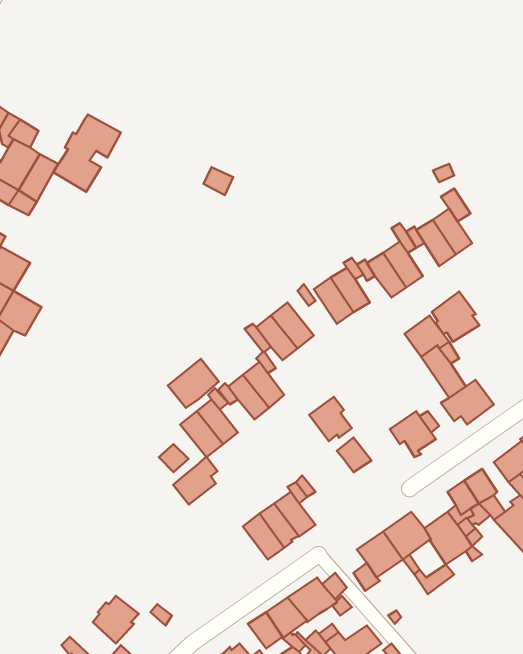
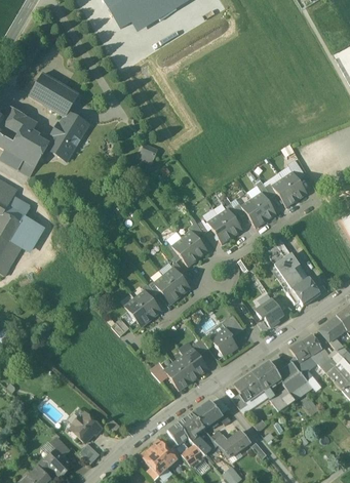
building: none -> [30,73,79,116]
building: [432,292,480,342] -> none
building: [168,359,219,408] -> none
building: [309,397,352,441] -> [211,327,238,355]
building: [173,457,218,505] -> none

